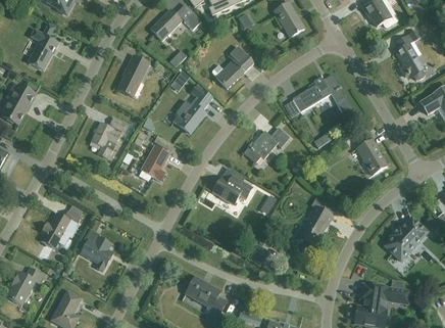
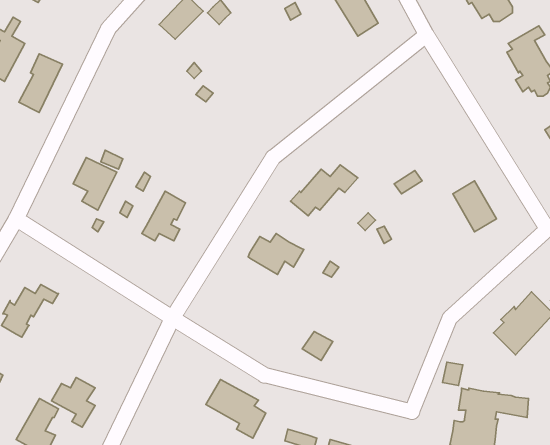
building: [211,45,253,88] -> none
building: [118,55,149,96] -> [19,54,63,112]
building: [292,74,353,115] -> none
building: [174,84,212,133] -> none
building: [297,197,335,241] -> none
building: [81,236,111,271] -> [51,378,95,427]

